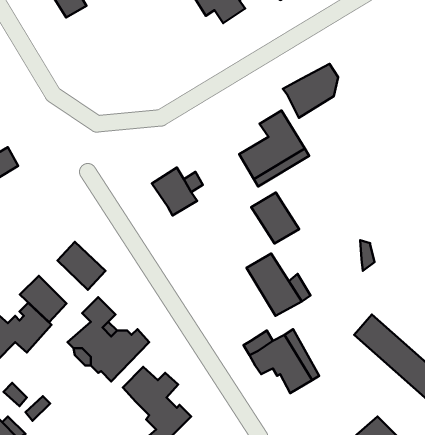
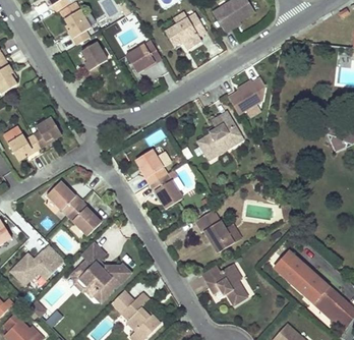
building: none -> [125,40,160,72]
building: none -> [79,41,105,75]
building: none -> [34,118,62,149]
building: [251,193,299,244] -> [149,173,182,209]
building: [20,276,66,322] -> [48,182,80,215]

